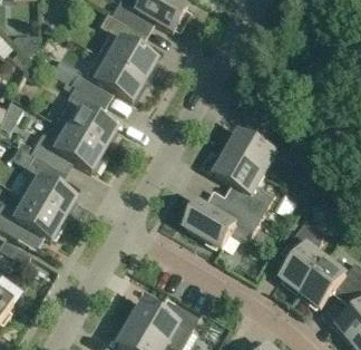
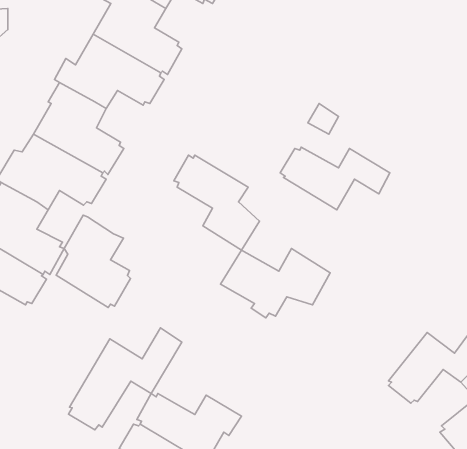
building: [213,150,272,216] -> [174,155,259,250]
building: none -> [56,215,130,308]
building: [281,217,326,292] -> none
building: none -> [69,328,182,430]

